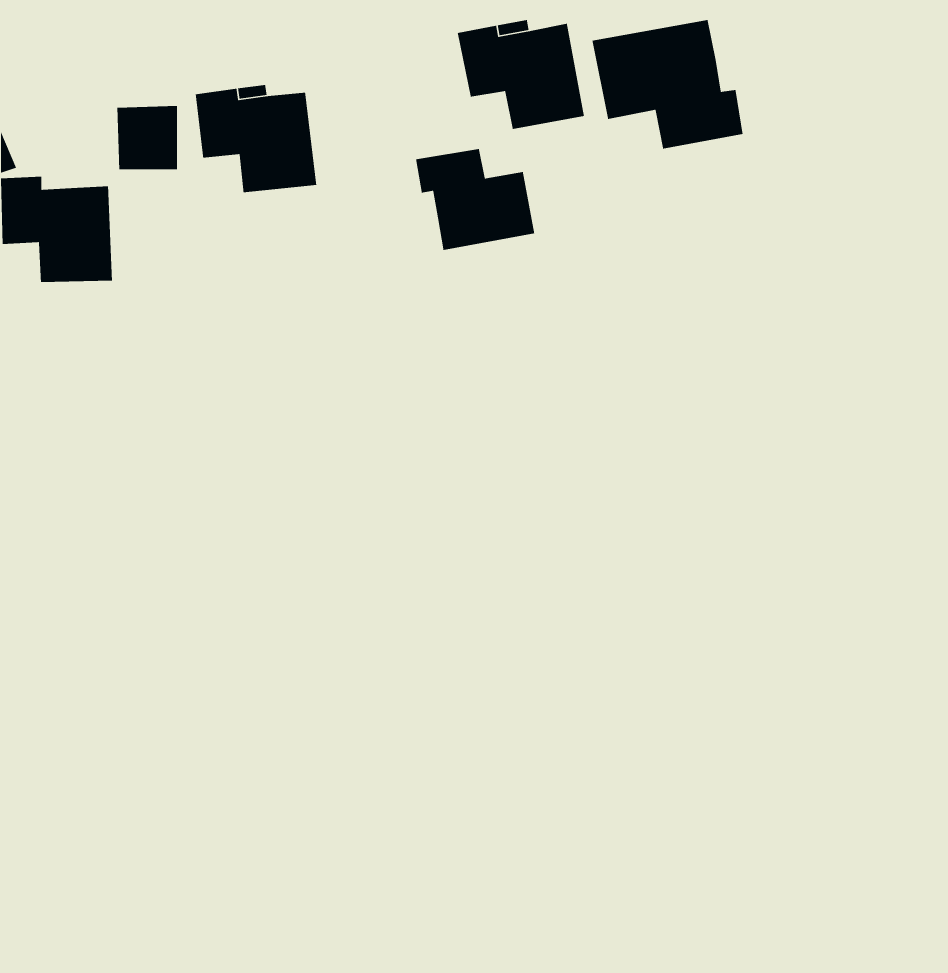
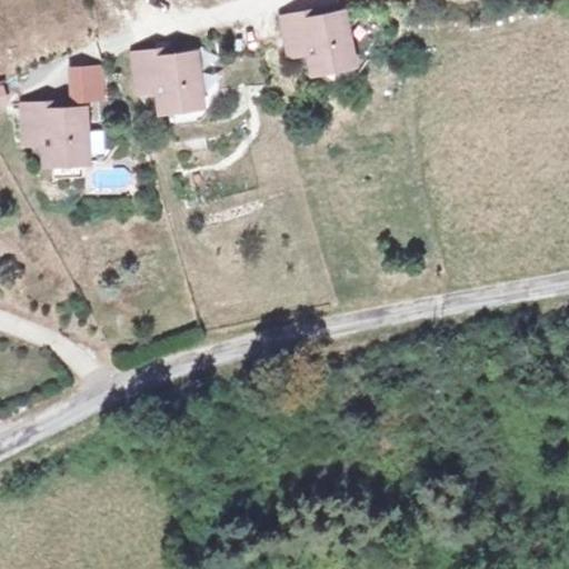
building: [591,19,743,149] -> none
building: [415,148,535,251] -> none

